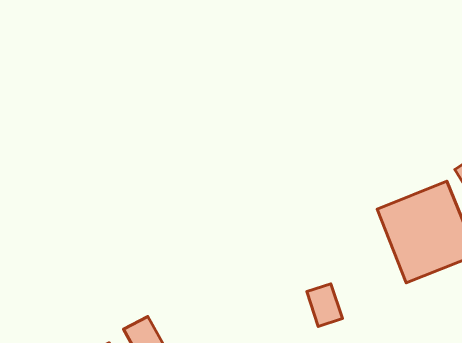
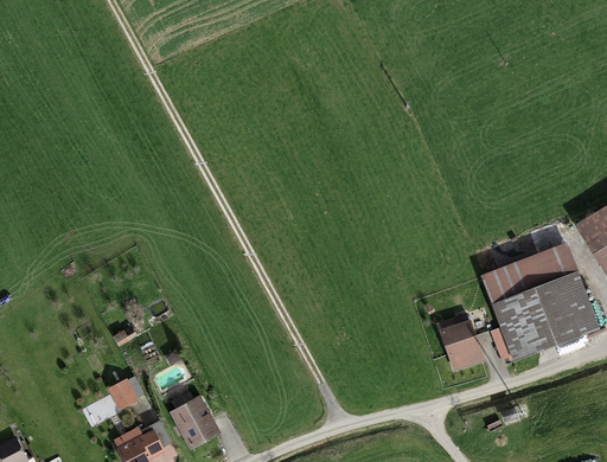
building: [307,284,343,326] -> [440,316,484,368]
building: none -> [106,383,138,417]

